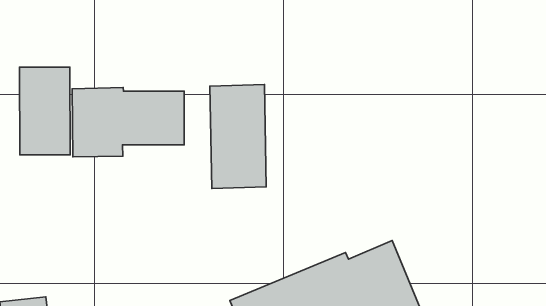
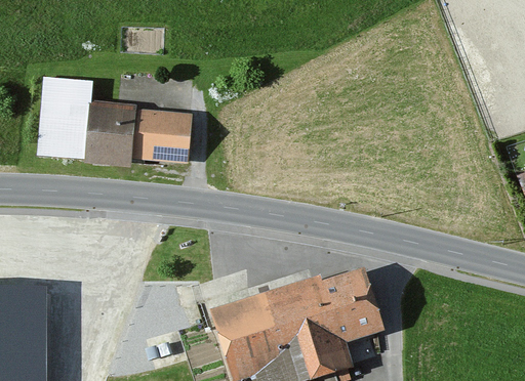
building: [210,85,266,188] -> none

